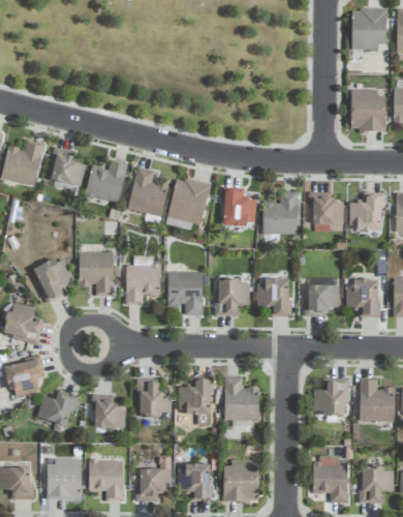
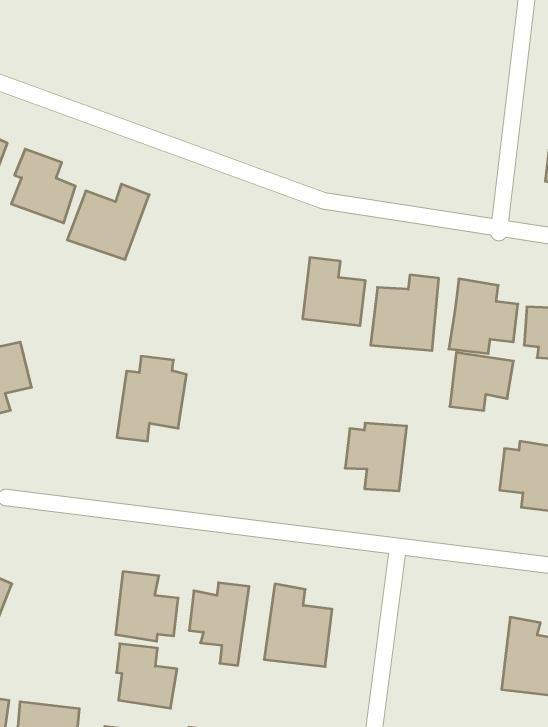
building: [128,168,168,216] -> none
building: [167,177,211,224] -> none
building: [80,252,114,295] -> none
building: [168,272,203,315] -> none
building: [217,279,250,315] -> none
building: [307,284,340,315] -> [450,352,514,410]
building: [314,377,347,414] -> none
building: [92,395,126,428] -> [116,644,177,708]

